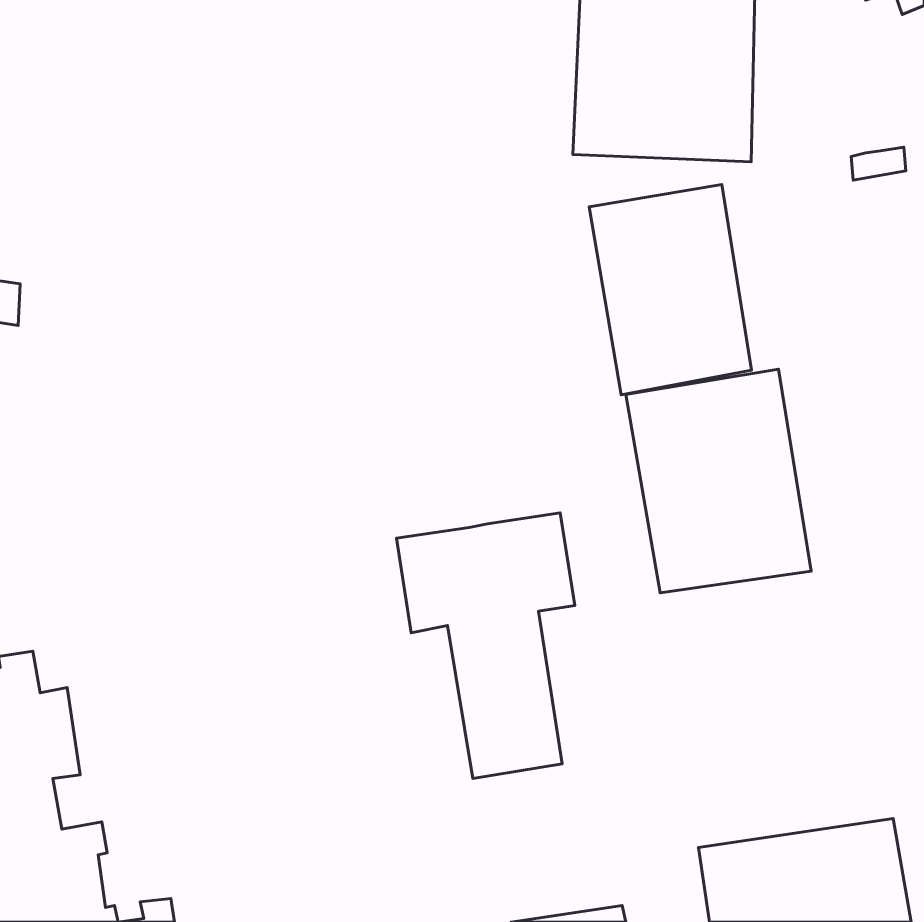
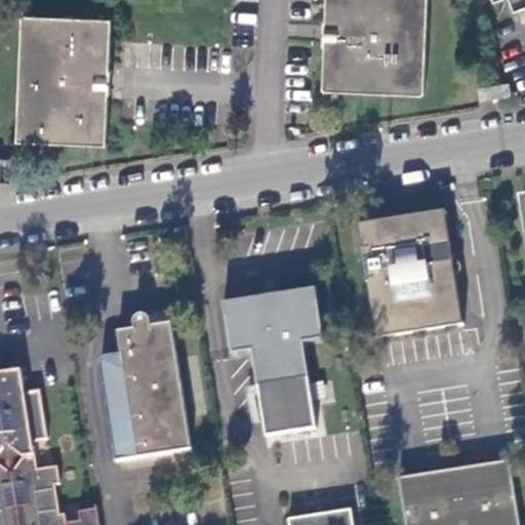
building: none -> [15,14,109,145]
building: [589,185,752,395] -> none
building: none -> [98,307,192,461]

